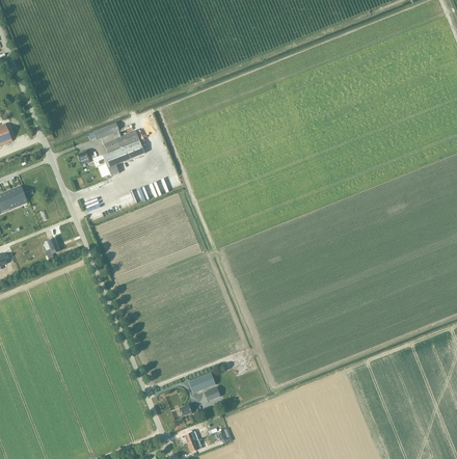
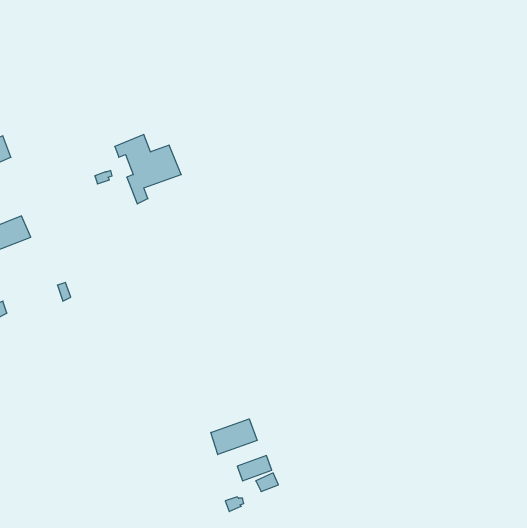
building: none -> [211,419,257,455]

